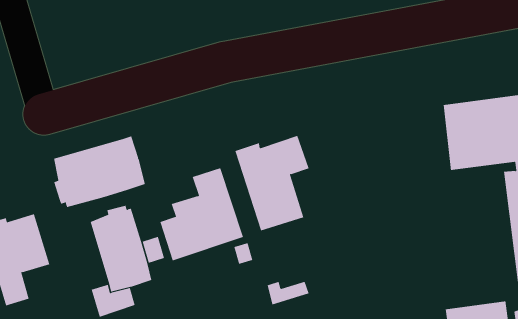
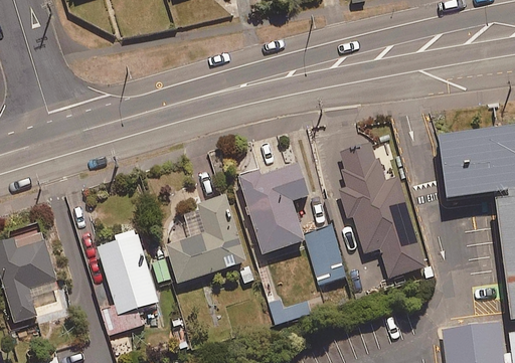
building: none -> [325,145,425,279]
building: [53,135,145,208] -> none
building: none -> [308,224,348,285]

